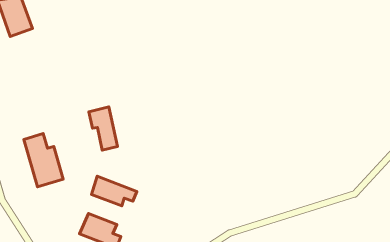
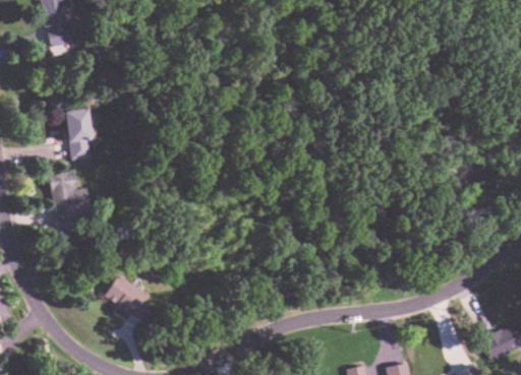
building: [89,107,118,150] -> [60,108,90,160]
building: [91,176,137,206] -> none

